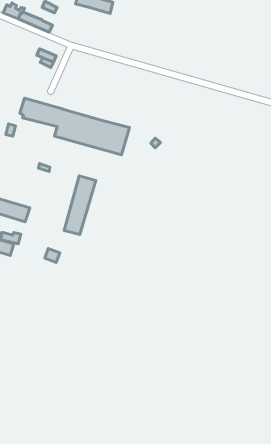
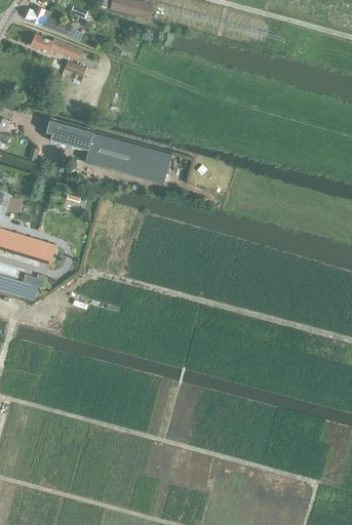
building: none -> [30,34,81,60]
building: [64,176,96,235] -> none

